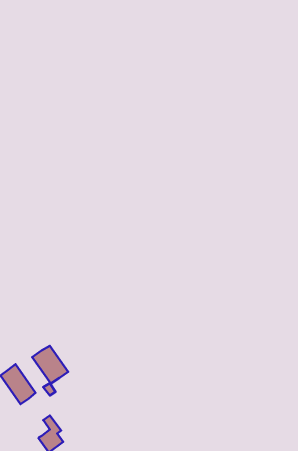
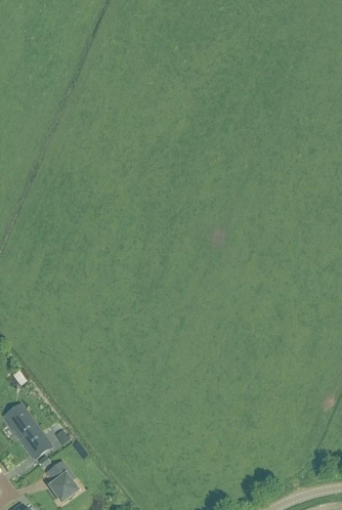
building: [32,346,68,383] -> none

